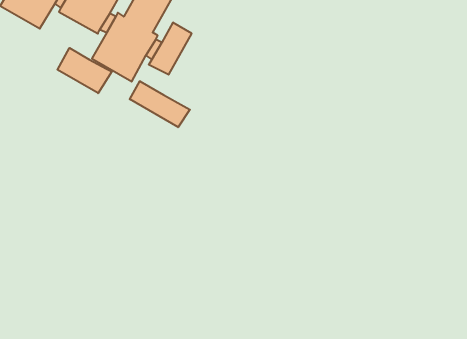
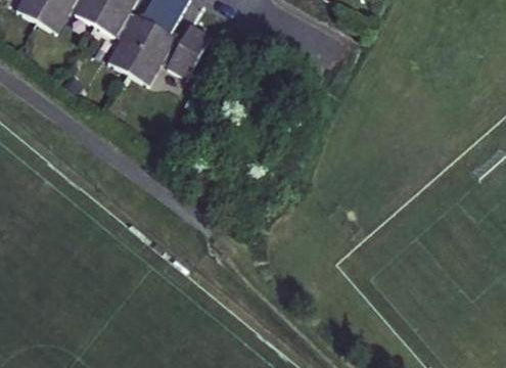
building: [57,48,112,93] -> none
building: [130,81,190,127] -> none

